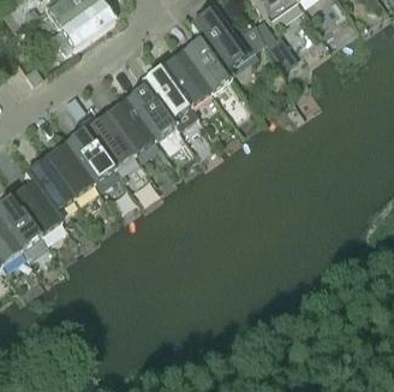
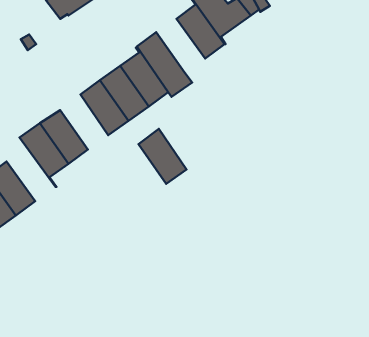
building: [162,52,211,106] -> none
building: [66,127,114,183] -> [138,129,186,184]
building: [12,171,61,234] -> none

